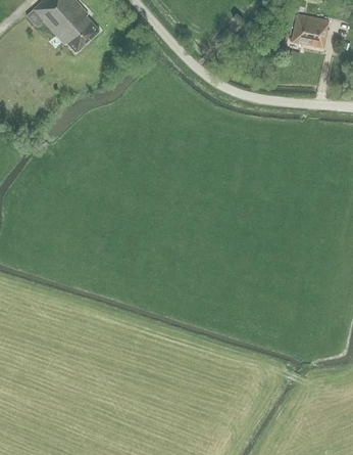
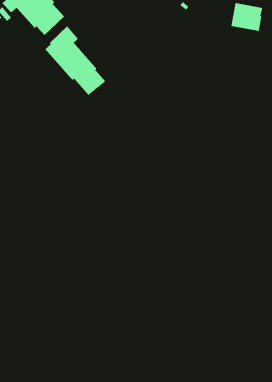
building: none -> [45,25,106,96]

